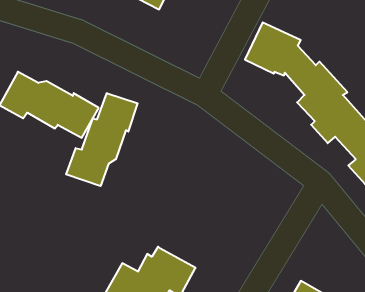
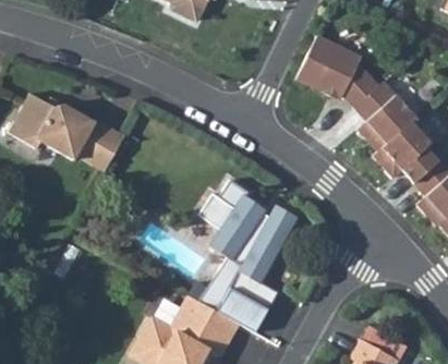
building: [66,93,138,186] -> none
building: none -> [197,180,298,332]

